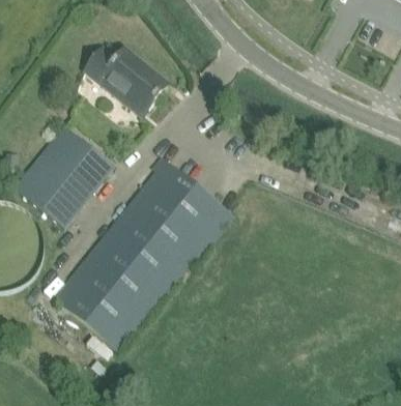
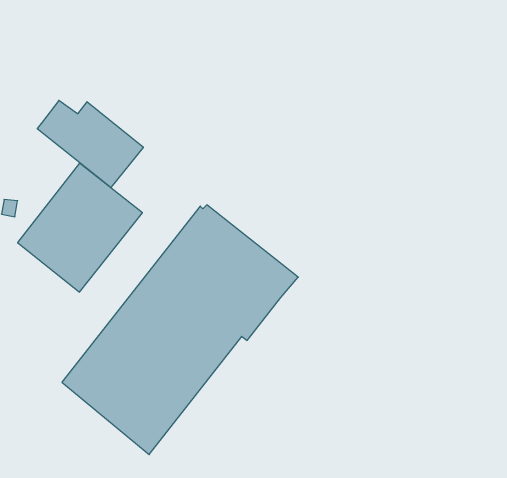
building: [86,48,168,115] -> [37,100,143,188]

